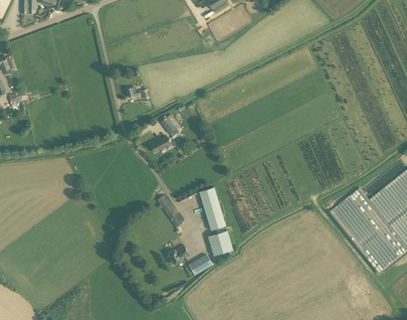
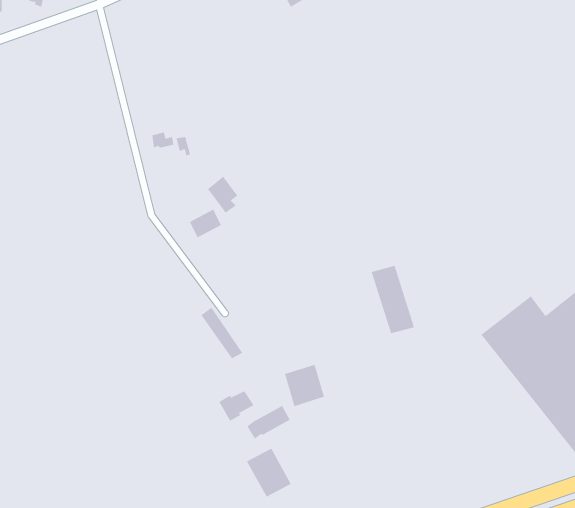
building: [198,186,225,228] -> [371,265,415,334]
building: none -> [246,448,292,497]

